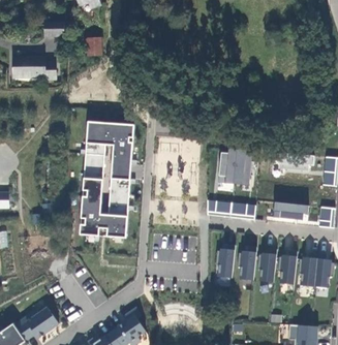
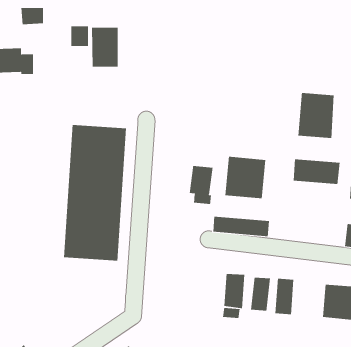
building: none -> [91,27,118,68]
building: none -> [298,92,334,139]
building: none -> [189,165,213,205]
building: [272,200,308,220] -> none
building: [279,253,296,284] -> none

